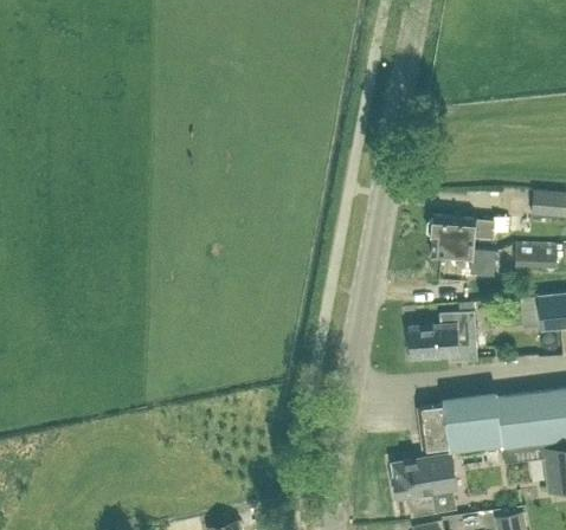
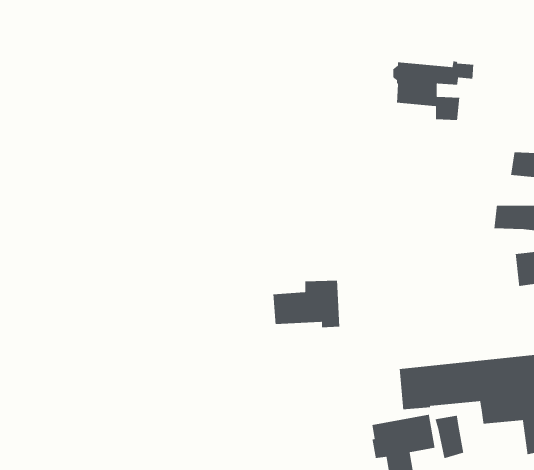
building: [429,214,510,274] -> [393,60,474,121]
building: [410,312,477,361] -> [273,280,340,328]
building: none -> [435,415,464,459]

